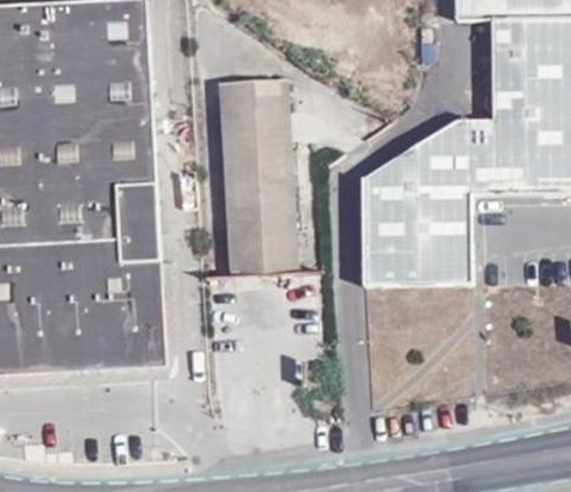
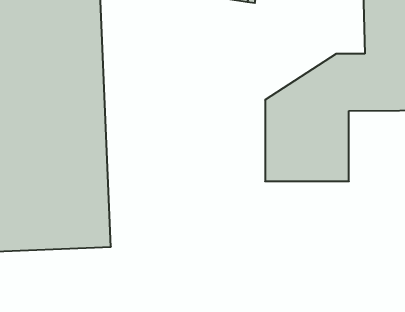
building: [219,79,296,277] -> none

